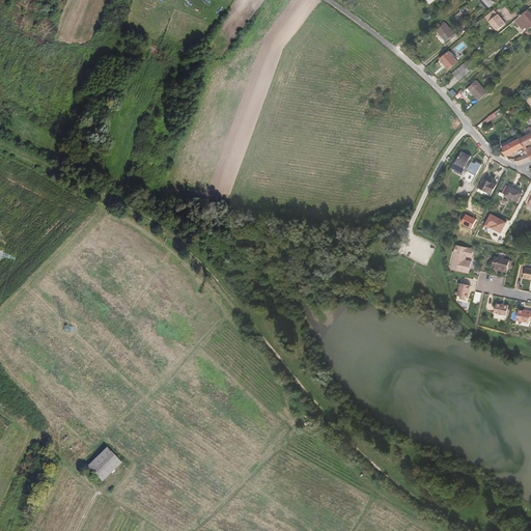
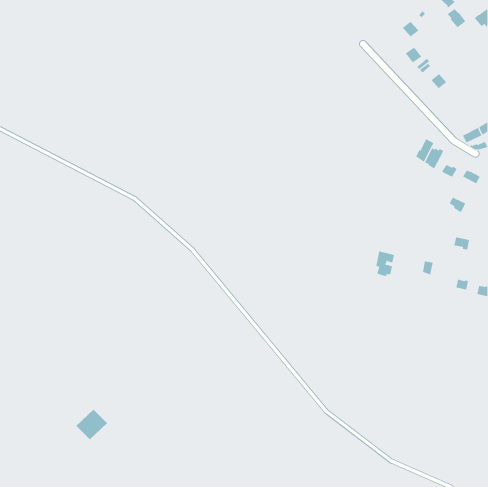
building: [453,245,474,273] -> [376,251,395,277]

